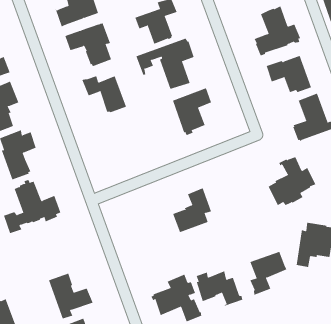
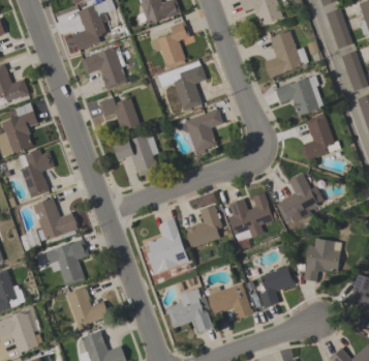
building: none -> [113,133,159,176]
building: none -> [228,192,277,238]
building: none -> [147,218,185,271]
building: none -> [49,239,89,287]

